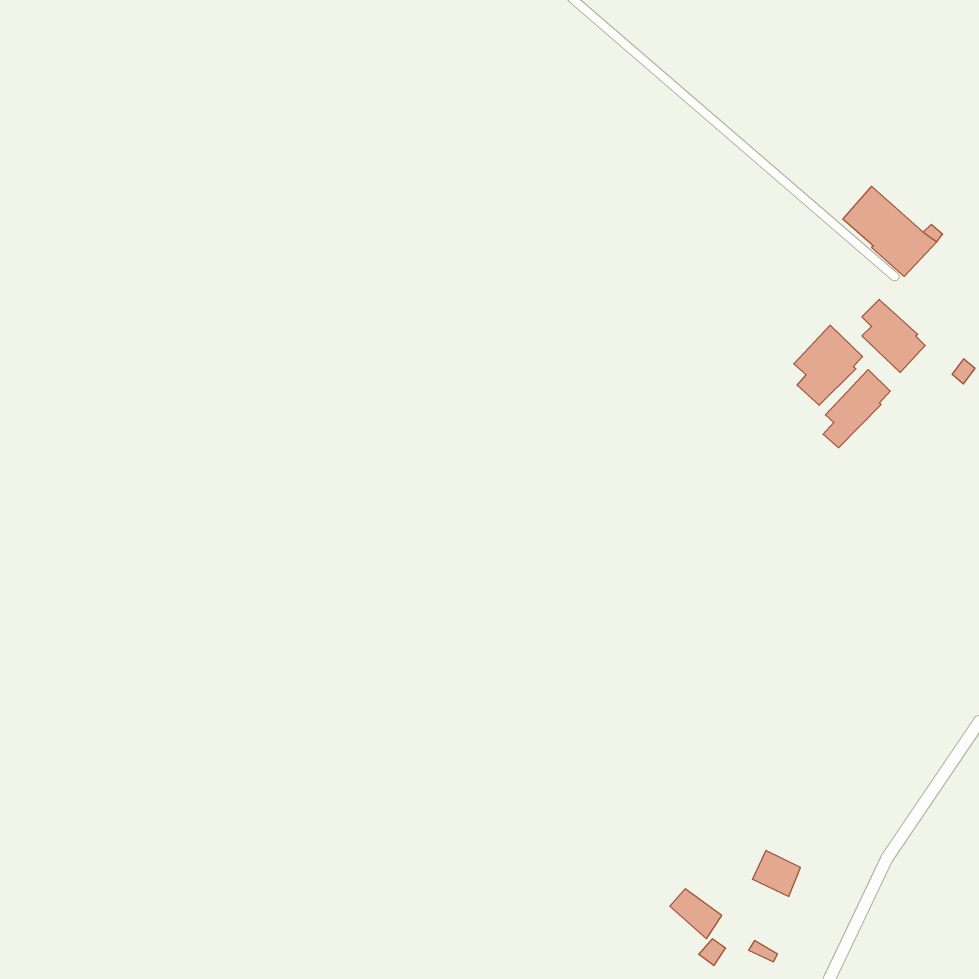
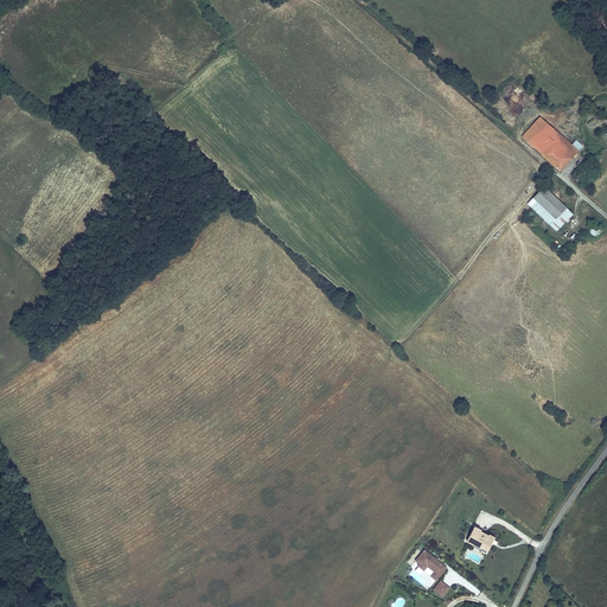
building: [794,325,863,405] -> none
building: [823,370,890,448] -> none

